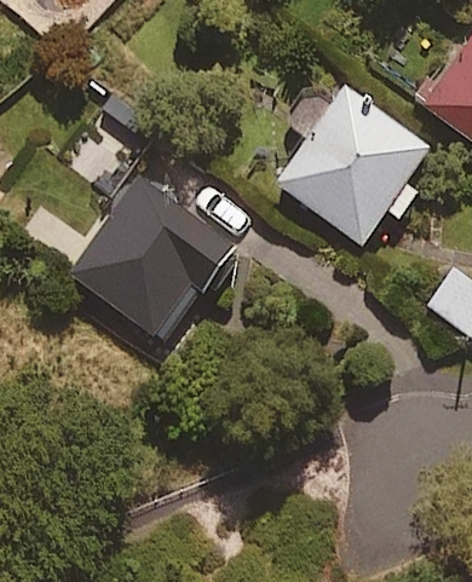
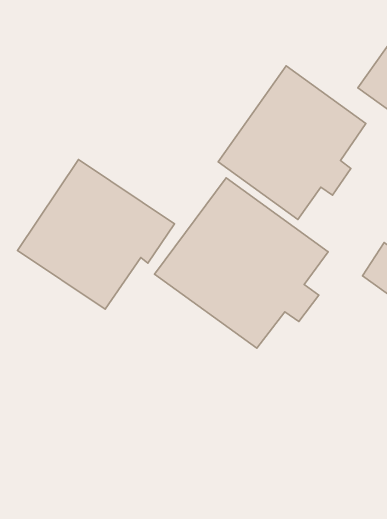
building: none -> [155,178,328,348]

